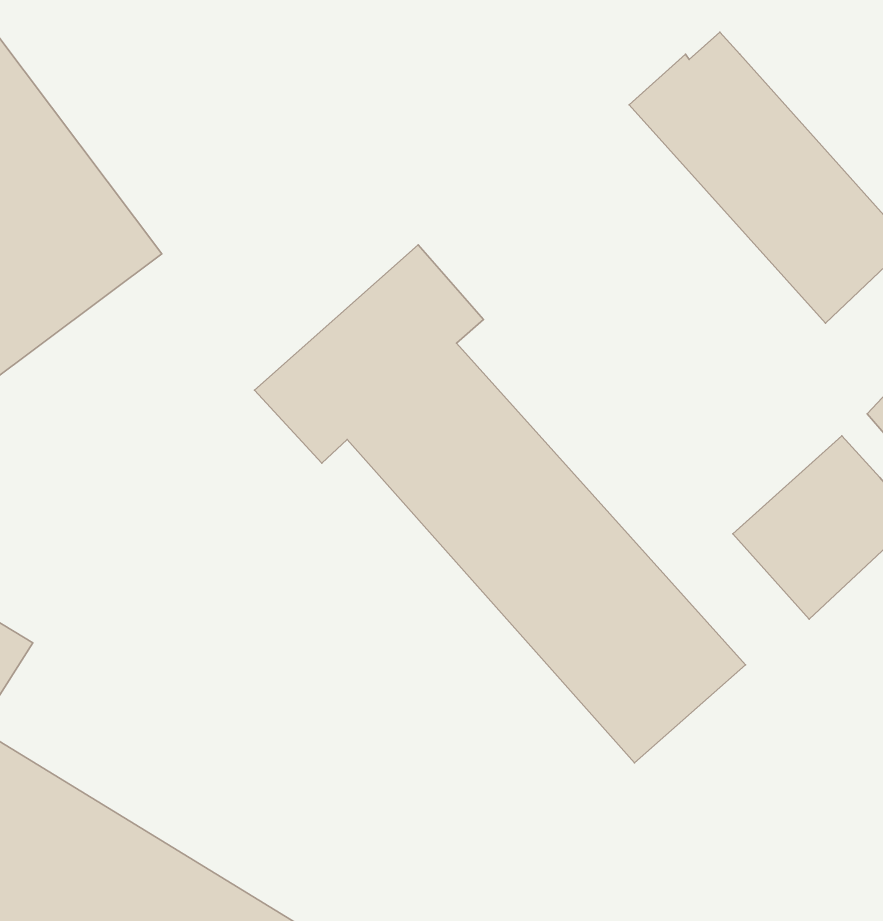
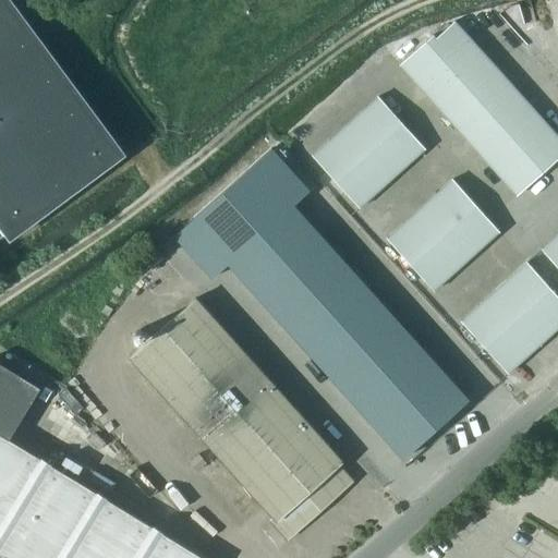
building: none -> [312,98,425,209]
building: none -> [386,181,499,292]
building: none -> [130,299,352,541]

